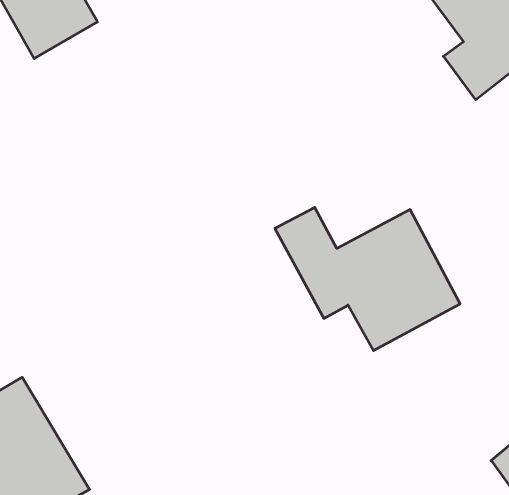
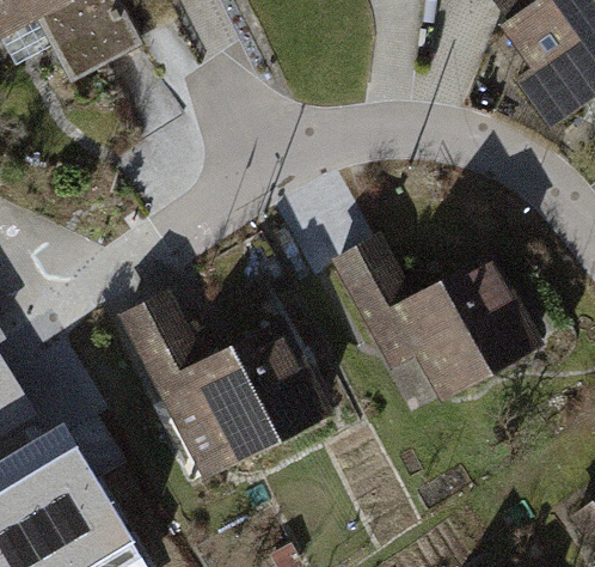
building: none -> [119,300,325,482]

